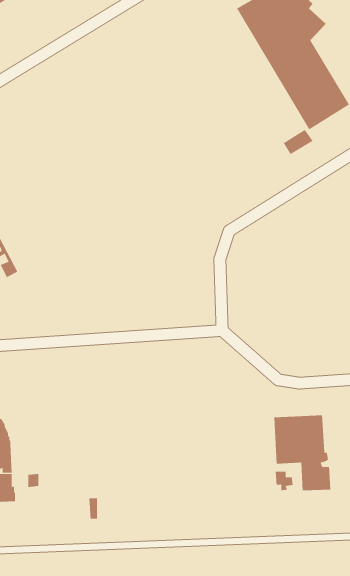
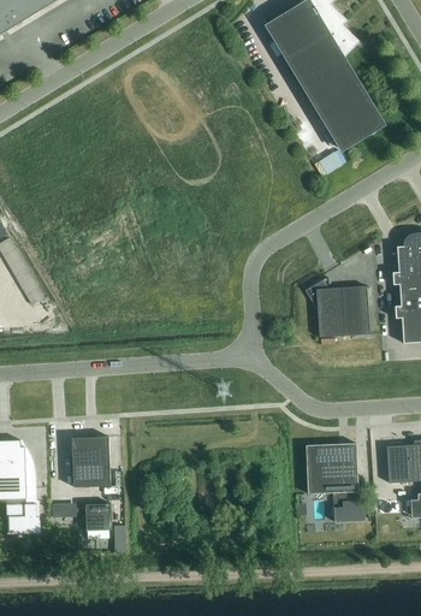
building: none -> [304,279,369,337]
building: none -> [71,437,109,487]
building: none -> [84,503,111,539]

